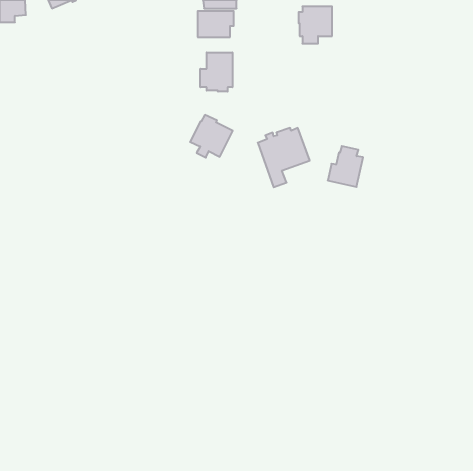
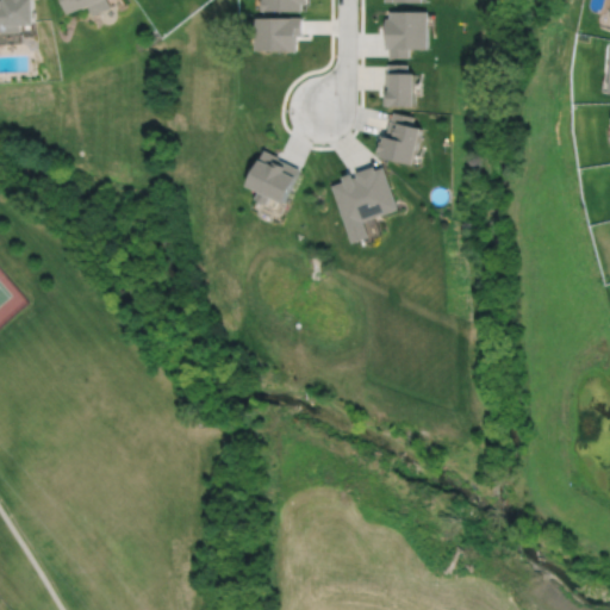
building: none -> [384,66,413,107]
building: [200,52,232,92] -> none
building: [328,146,363,187] -> [375,113,421,166]

